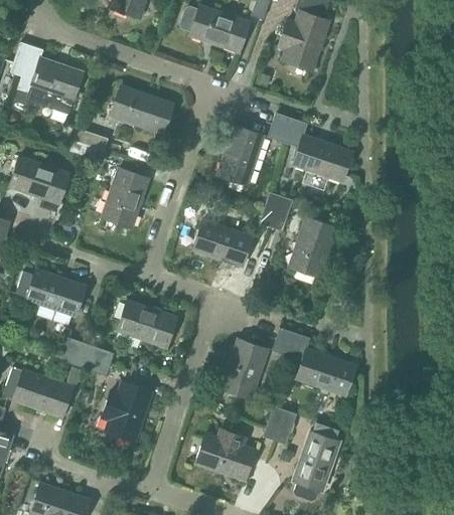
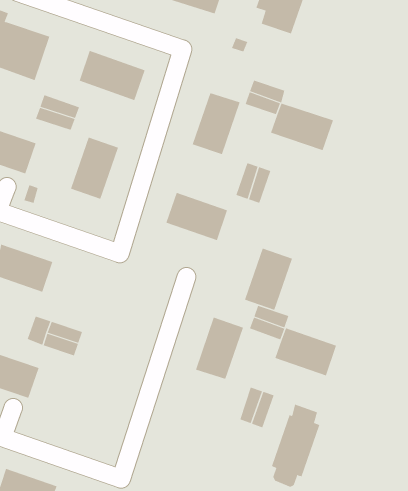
building: [289,217,335,277] -> [244,248,293,310]
building: [117,301,176,347] -> none
building: [102,381,152,442] -> none
building: [195,428,256,480] -> none

